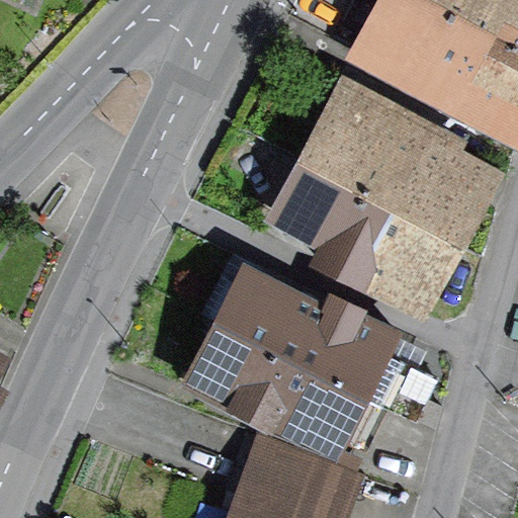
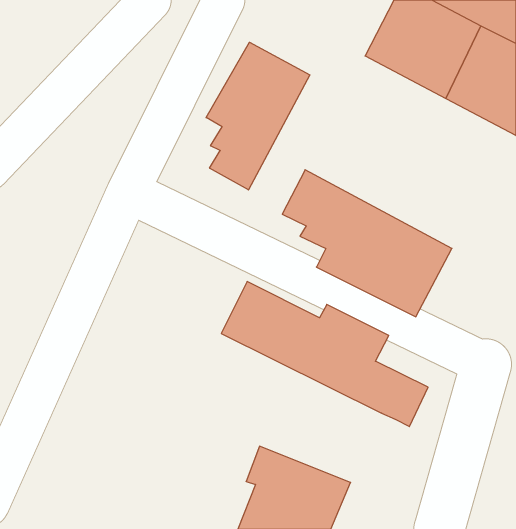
building: none -> [206,42,310,190]
building: [298,95,482,243] -> none
building: [192,326,373,446] -> none

